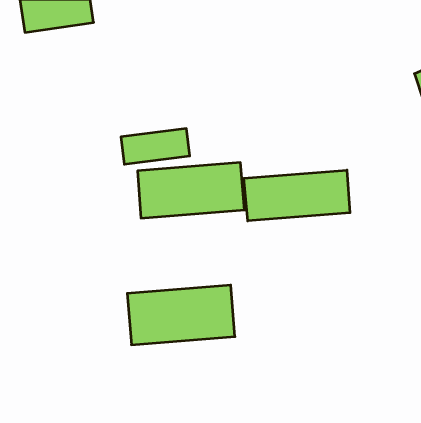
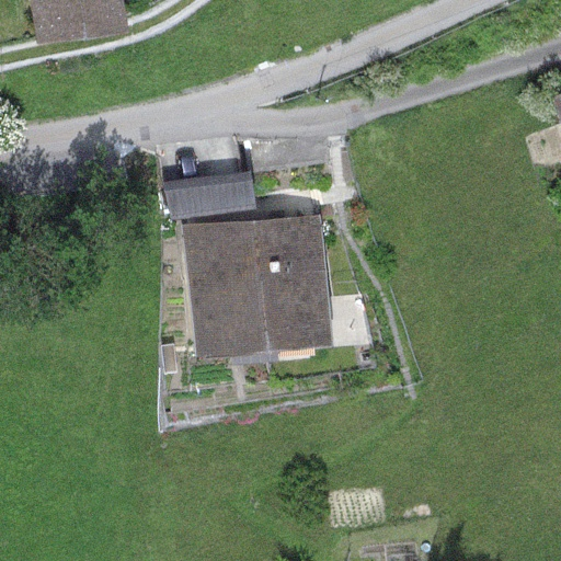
building: [244,170,350,221] -> none
building: [127,285,235,345] -> [190,277,332,356]

